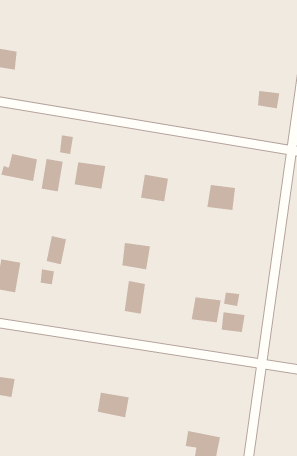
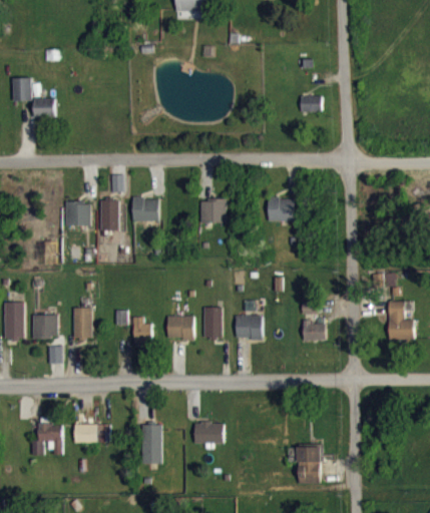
building: [46,236,67,265] -> [132,316,149,343]
building: [121,243,151,270] -> [166,315,193,339]
building: [191,297,221,323] -> [235,315,262,339]
building: none -> [140,424,161,463]

